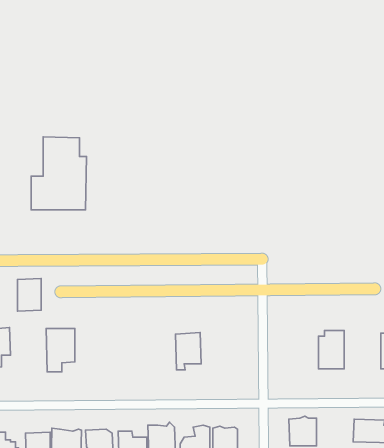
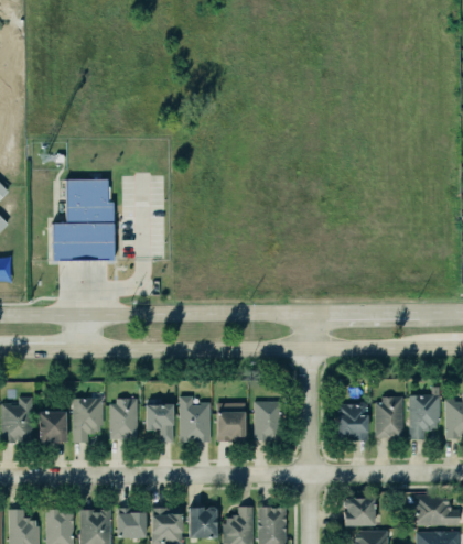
building: [17,278,41,311] -> [37,404,64,440]
building: none -> [407,392,443,445]
building: none -> [179,394,209,443]
building: none -> [109,396,137,439]
building: none -> [252,399,279,438]
building: none -> [143,400,173,445]
building: none -> [333,402,368,444]

